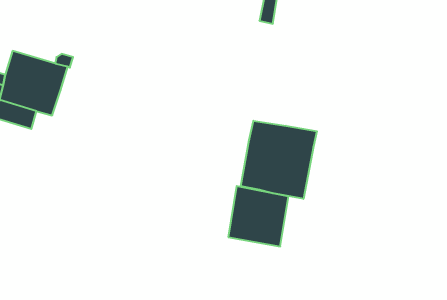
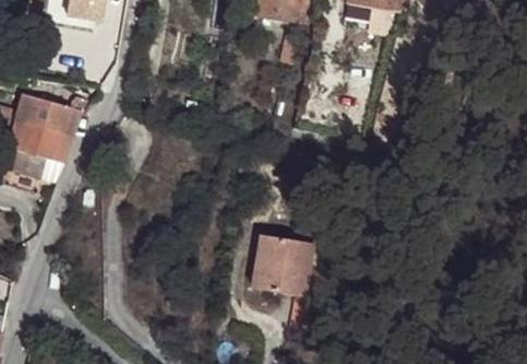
building: [241,121,317,199] -> none

